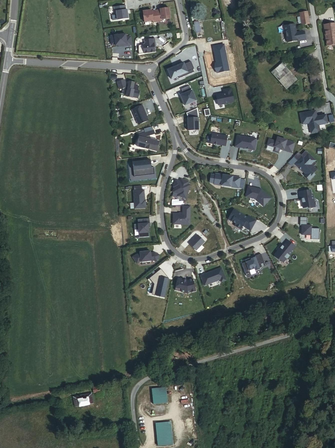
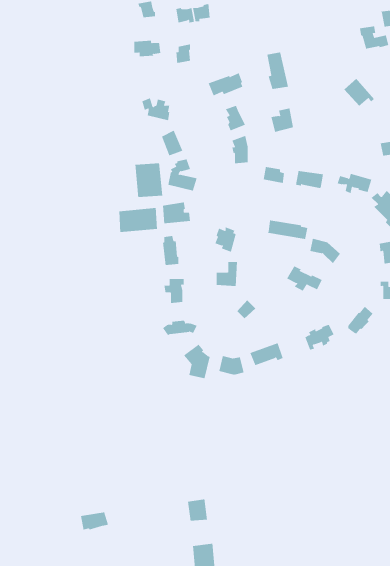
building: none -> [135,163,163,198]
building: none -> [119,207,157,233]

